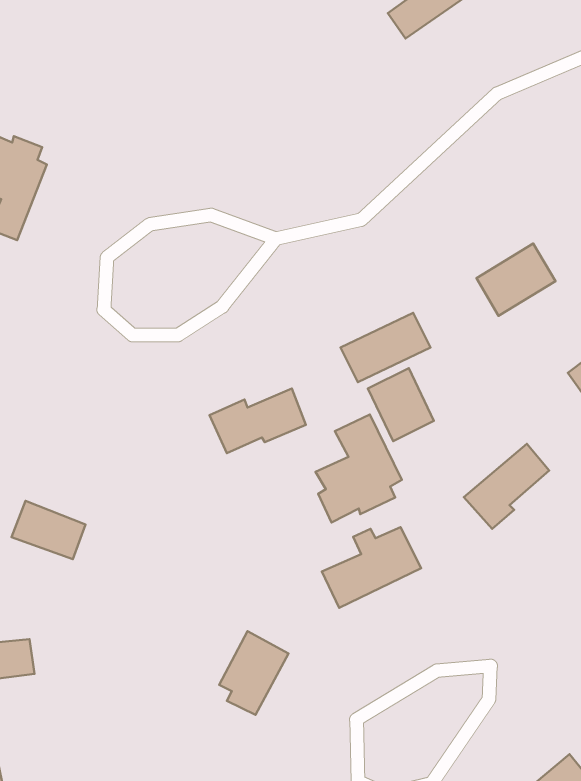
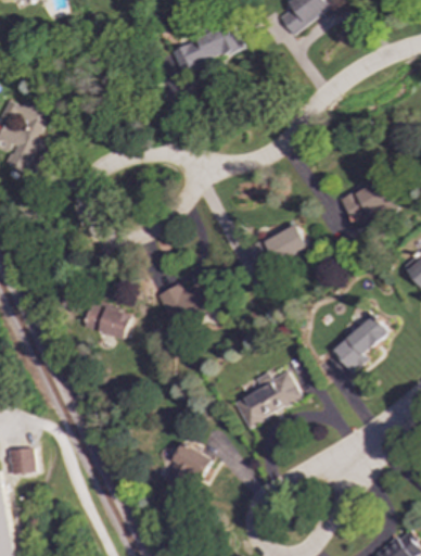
building: none -> [173,22,244,73]
building: [368,368,434,441] -> none
building: [315,415,402,522] -> none
building: [11,501,86,559] -> [81,299,132,339]

